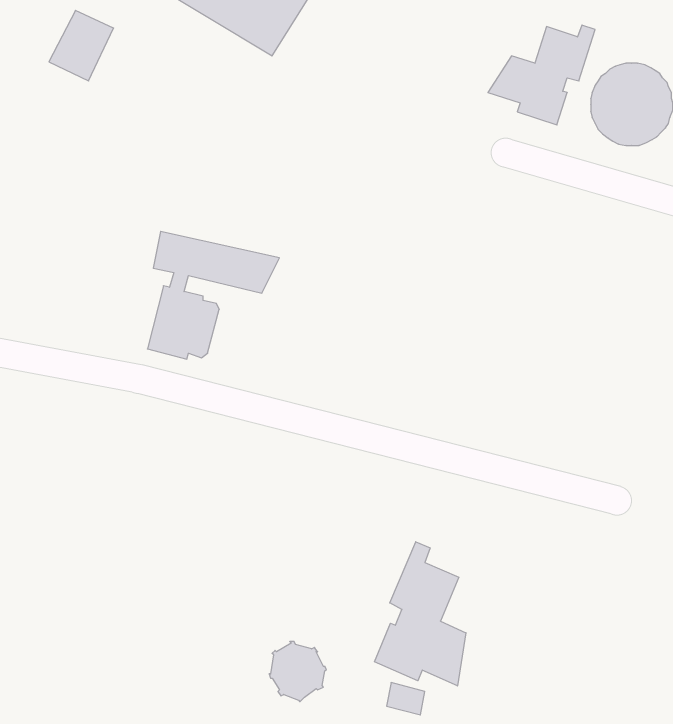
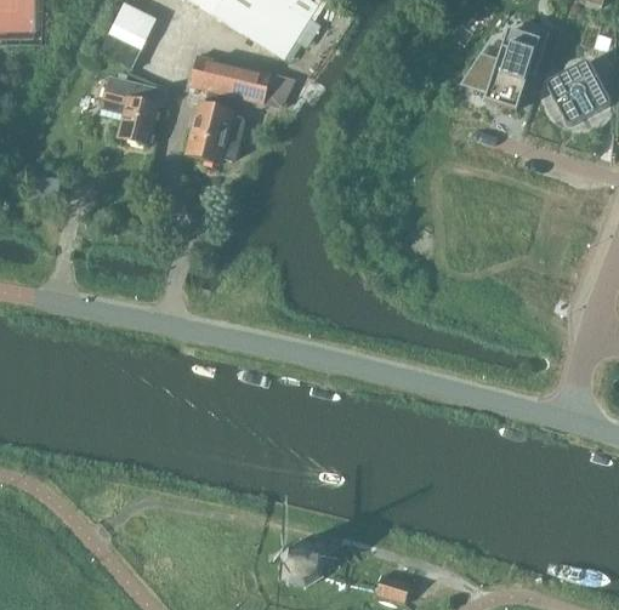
building: none -> [100,76,167,144]
building: [147,231,279,359] -> [187,57,296,163]
building: [374,542,466,686] -> none

